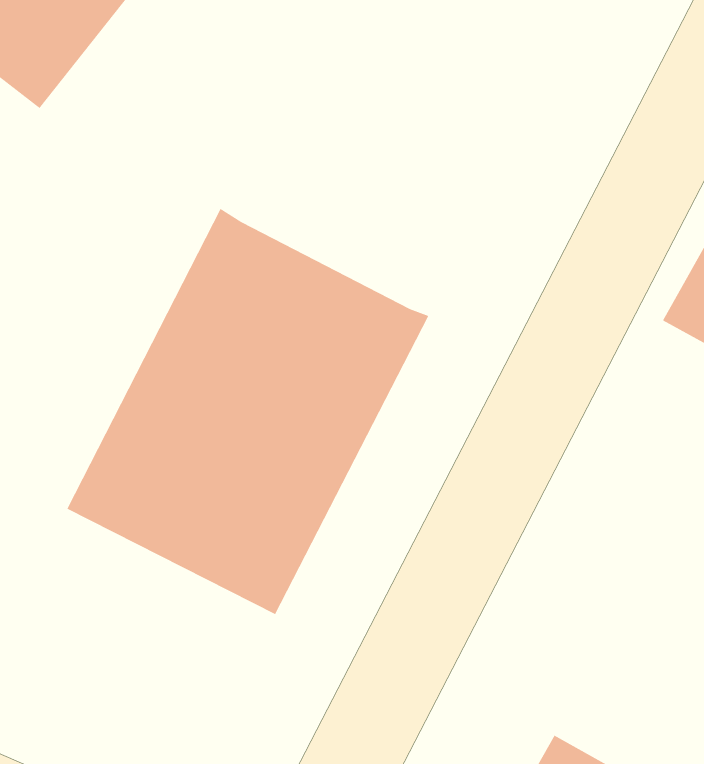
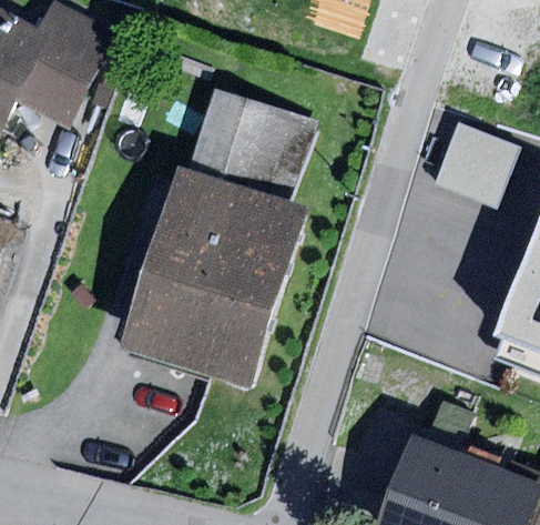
building: none -> [191,92,318,204]

